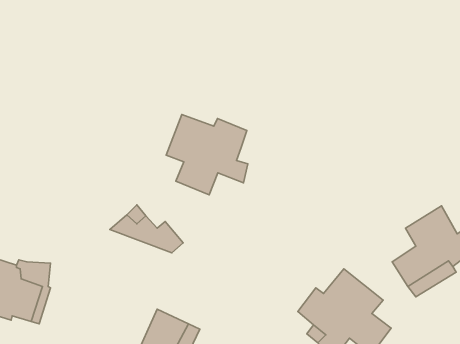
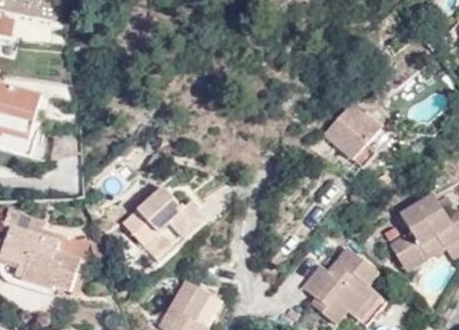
building: none -> [324,96,381,161]
building: [166,114,248,195] -> none
building: none -> [121,209,194,264]

